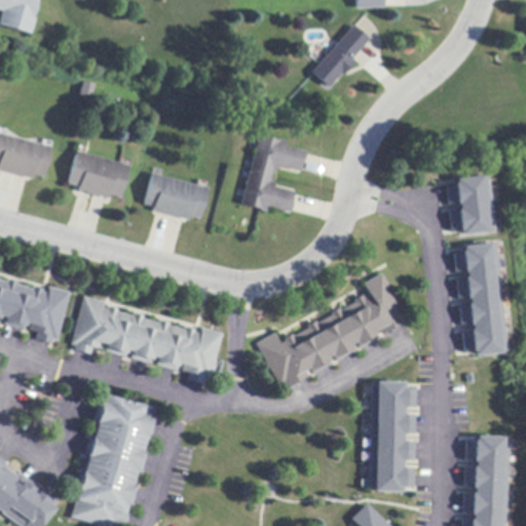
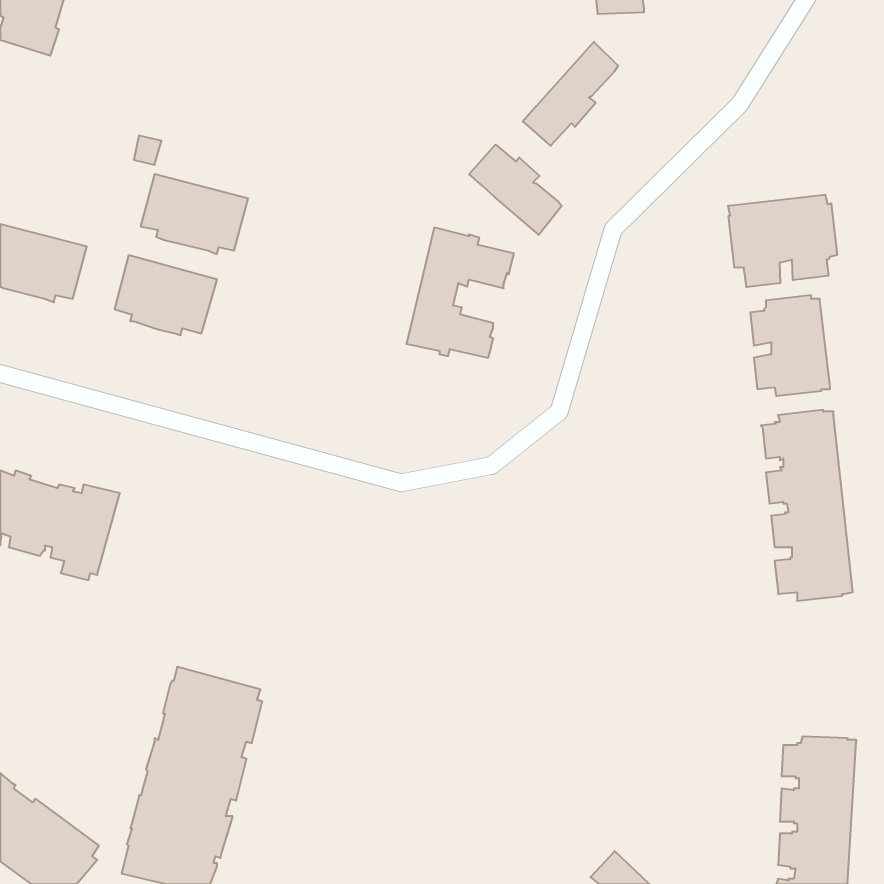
building: none -> [469,145,562,235]
building: none -> [728,195,837,287]
building: [145,173,209,220] -> [141,174,248,254]
building: [258,273,406,387] -> none
building: [73,296,224,384] -> none
building: [369,381,414,492] -> none

